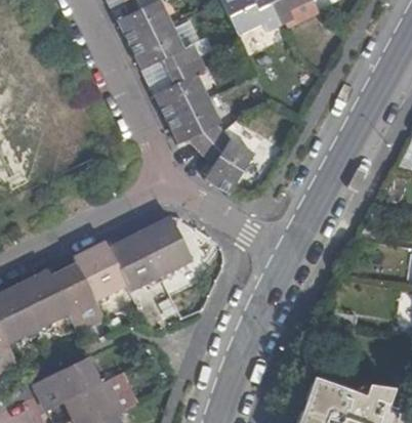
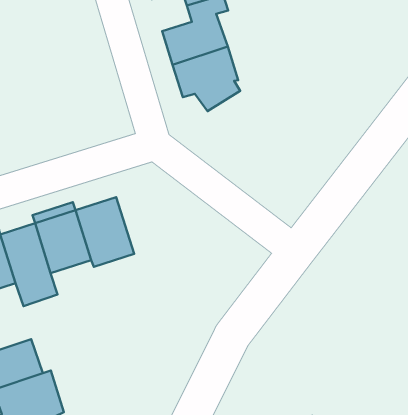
building: [200,131,253,193] -> none
building: [137,216,191,274] -> none

